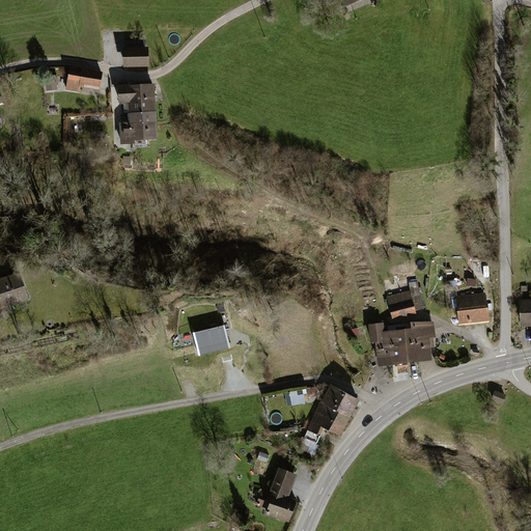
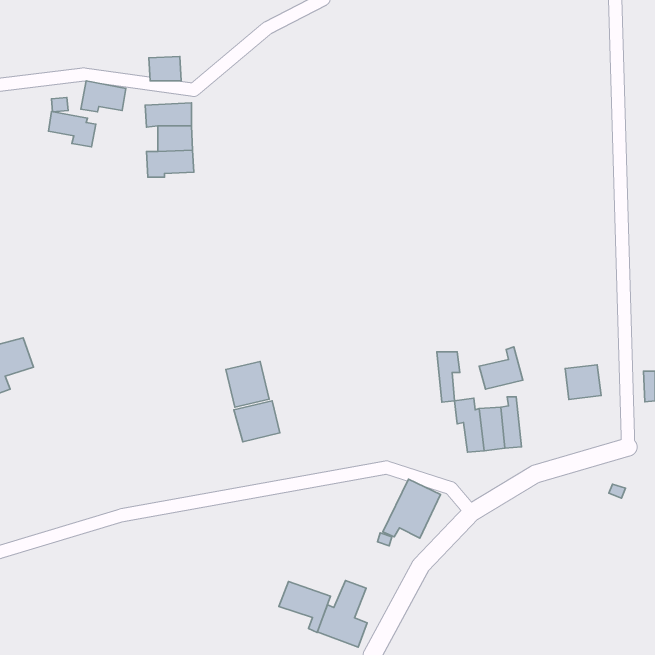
building: none -> [49,112,96,147]
building: none -> [226,361,269,407]
building: [417,320,436,361] -> [437,352,460,402]
building: none -> [279,581,331,632]

